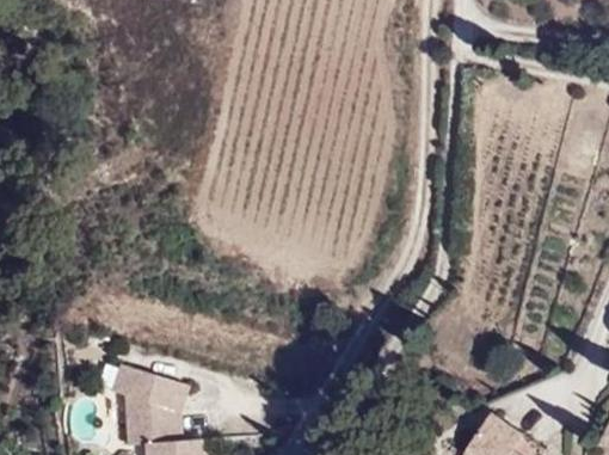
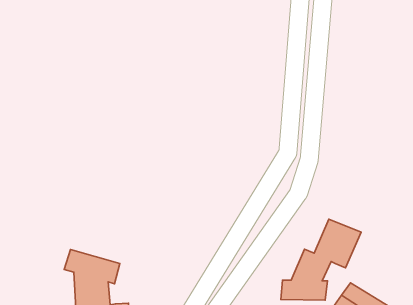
building: none -> [281,219,361,300]

